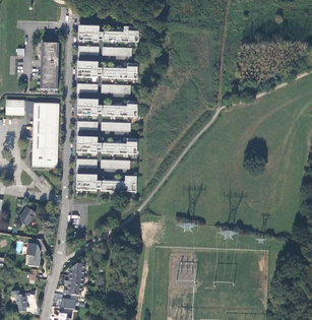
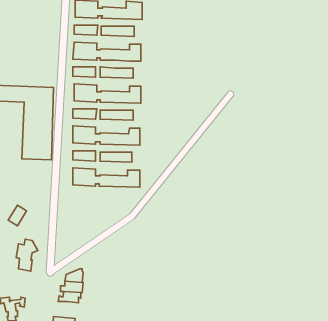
building: [40,42,58,89] -> none

